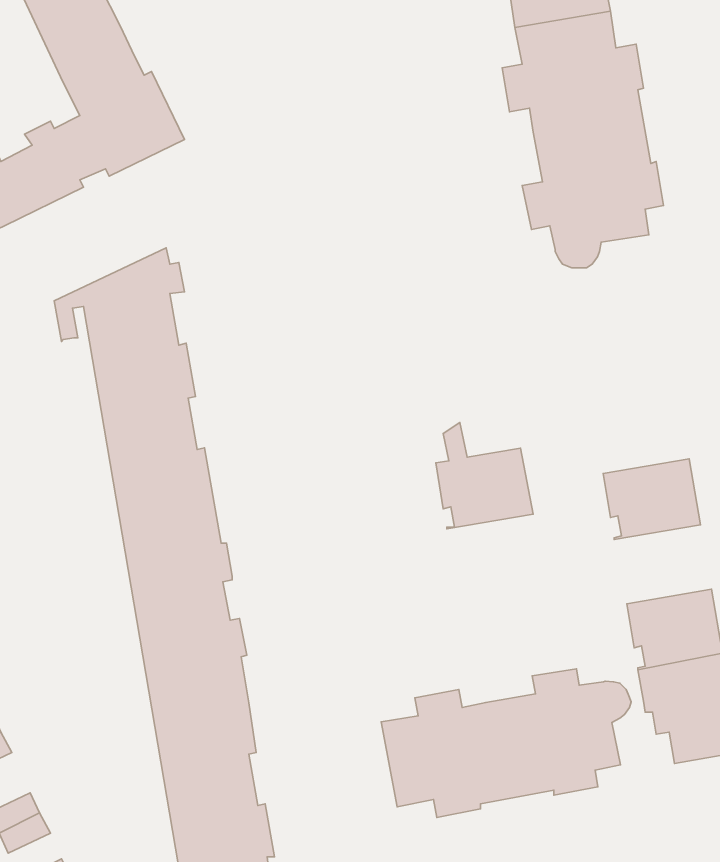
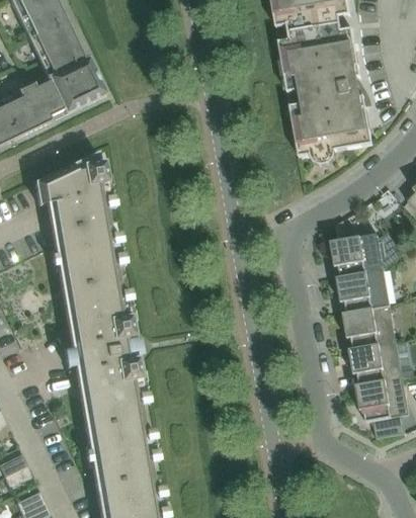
building: [436,422,533,529] -> [330,220,384,278]
building: none -> [342,307,396,350]
building: [381,669,631,817] -> none

